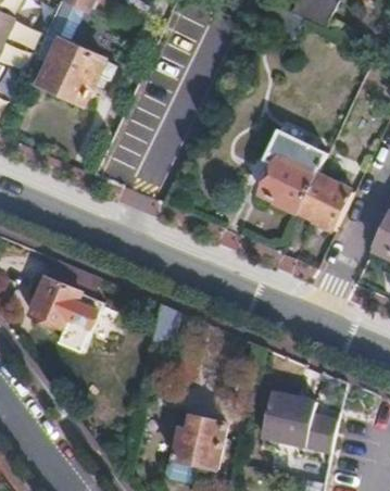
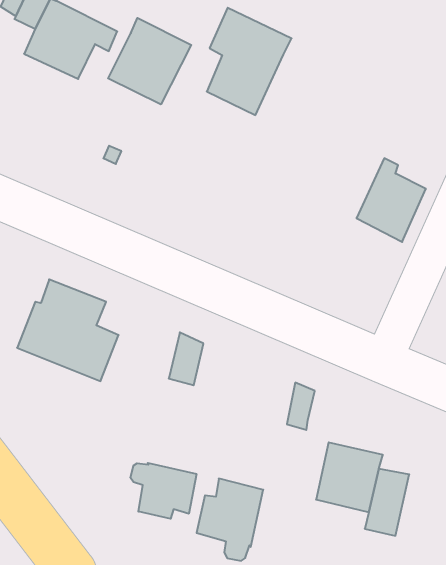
building: none -> [108,18,191,104]
building: [260,129,326,213] -> [207,8,292,115]
building: none -> [130,463,196,519]

